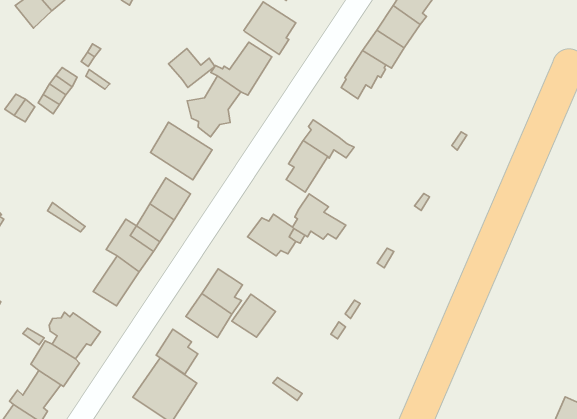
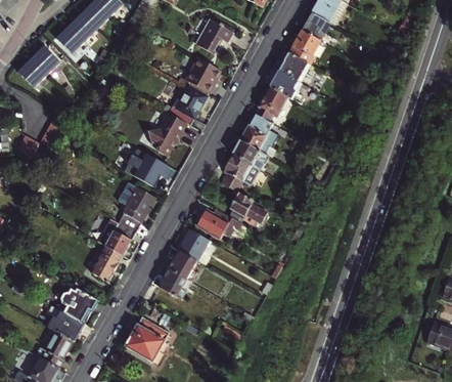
building: [168,48,215,87] -> none
building: none -> [240,112,278,153]
building: [232,294,275,337] -> [178,228,209,259]
building: [156,329,198,374] -> none

